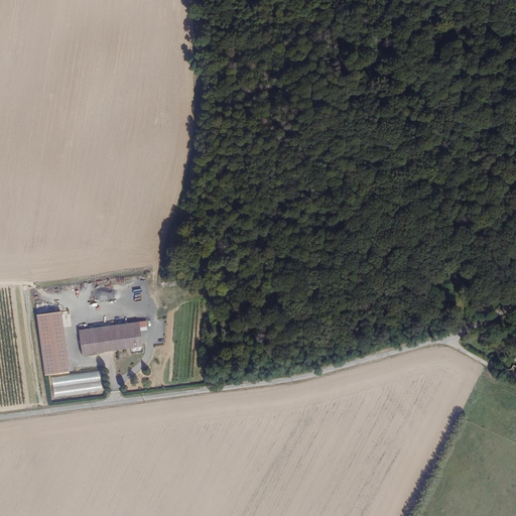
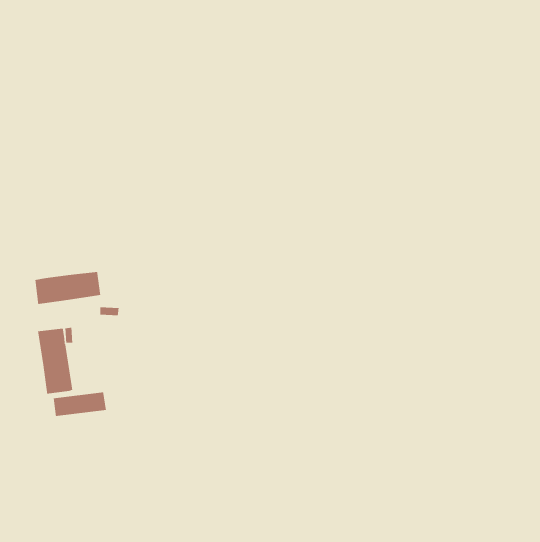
building: [78,322,141,355] -> [34,271,101,305]

